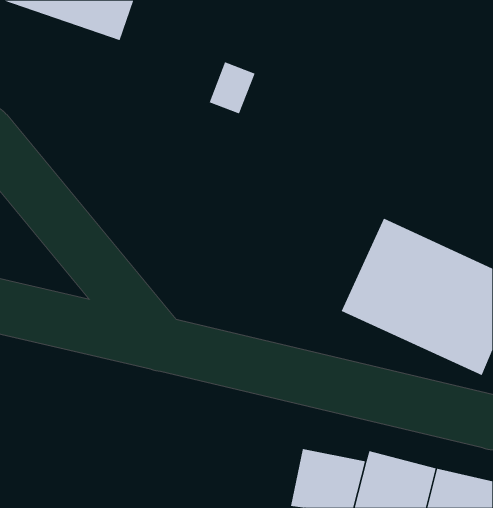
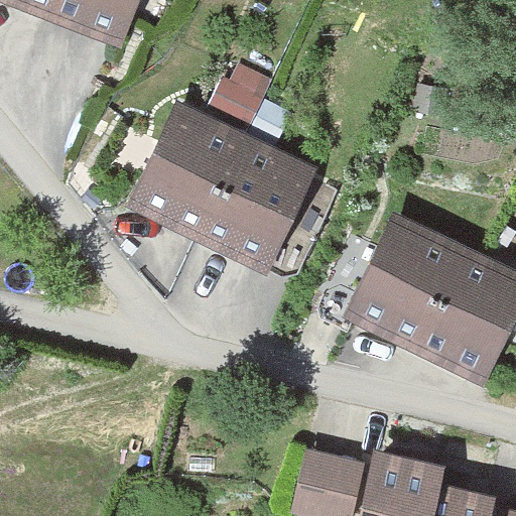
building: none -> [132,108,322,272]

